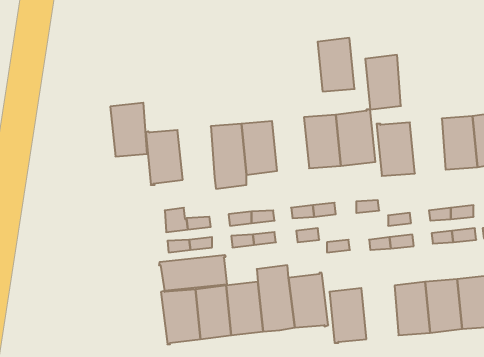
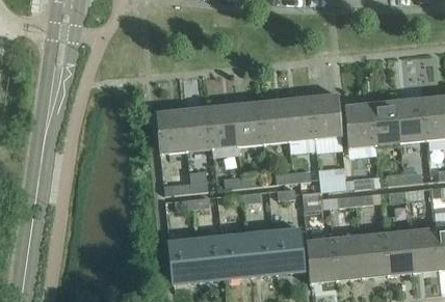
building: [318,38,355,91] -> [258,99,288,142]
building: [365,55,401,110] -> [370,100,399,144]
building: [110,103,147,156] -> [181,106,211,149]
building: [159,255,227,291] -> none
building: none -> [331,236,361,279]

